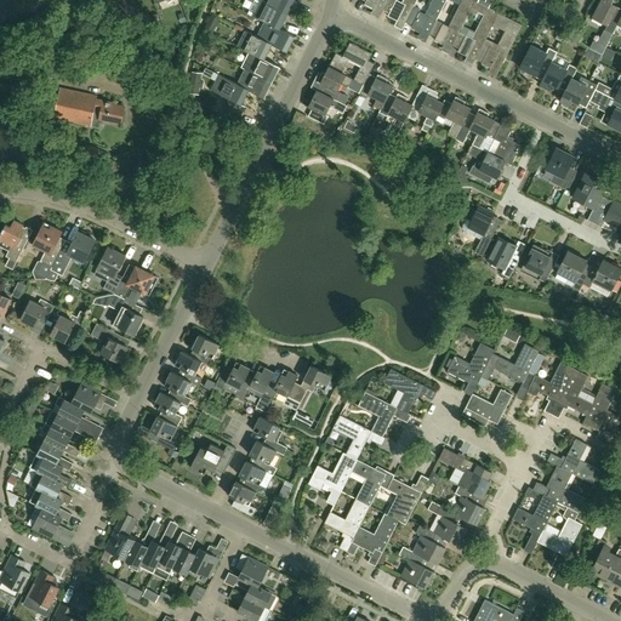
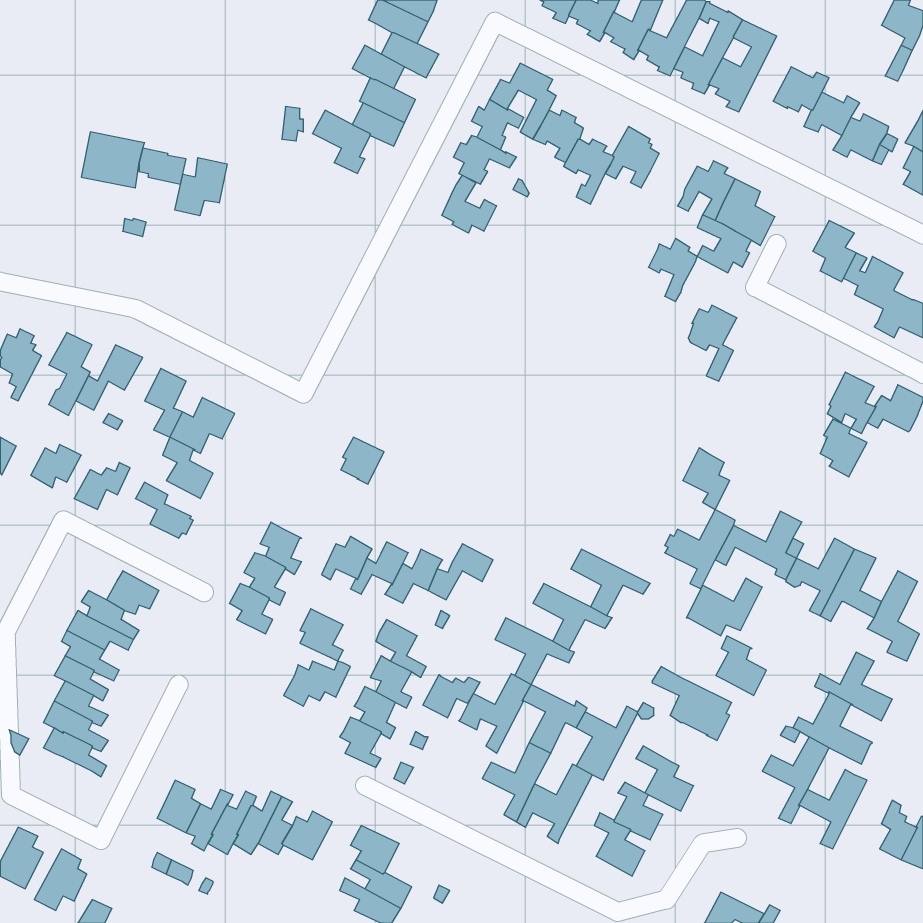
building: [437,96,469,138] -> [648,238,697,302]
building: none -> [175,158,227,216]
building: none -> [442,175,497,233]
building: [488,237,519,278] -> [683,448,730,509]
building: [525,244,557,283] -> [820,419,867,477]
building: [190,334,220,365] -> [341,437,384,484]
building: [149,415,178,450] -> [300,609,343,661]
building: none -> [423,675,480,718]
building: [451,485,485,525] -> [716,636,766,696]
building: [30,506,76,546] -> none

